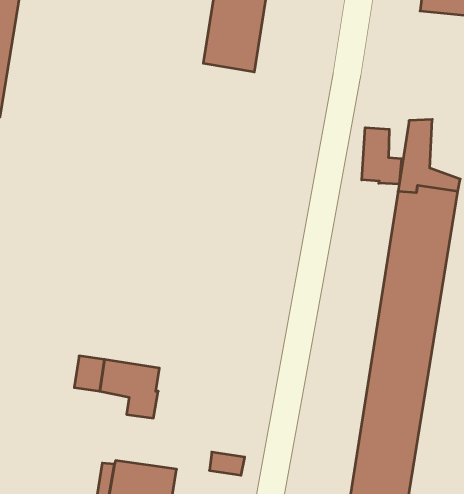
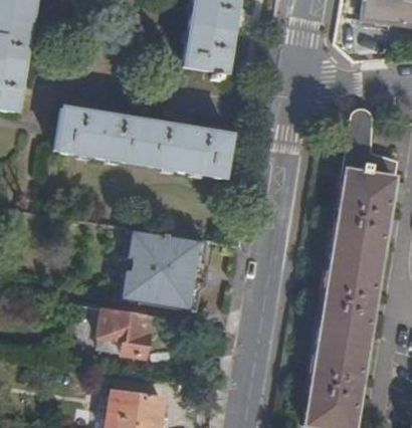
building: none -> [57,108,232,178]
building: [362,128,401,184] -> none
building: none -> [121,229,201,310]

